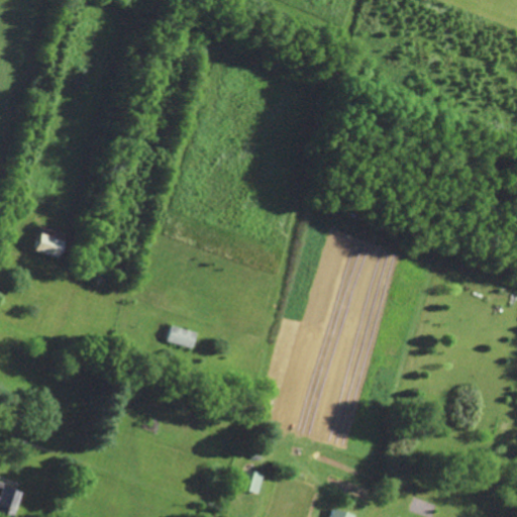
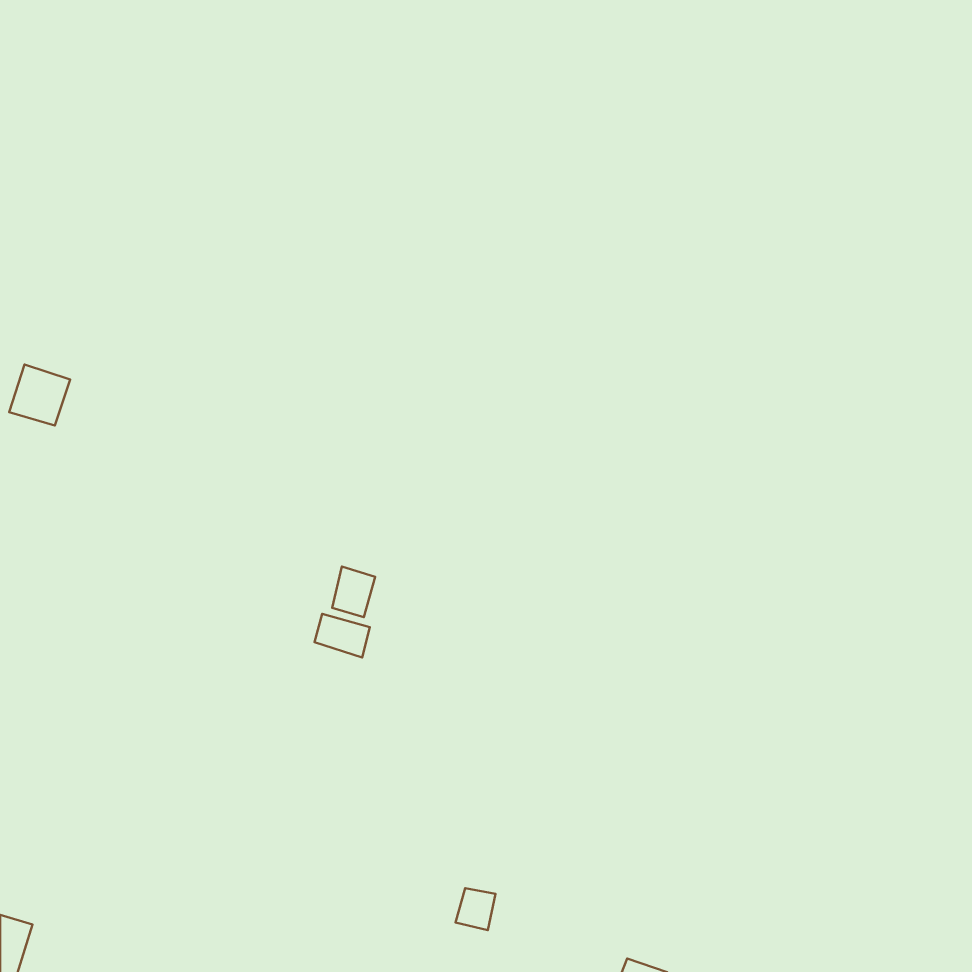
building: [35,226,68,258] -> [9,364,70,425]
building: none -> [332,567,375,617]

